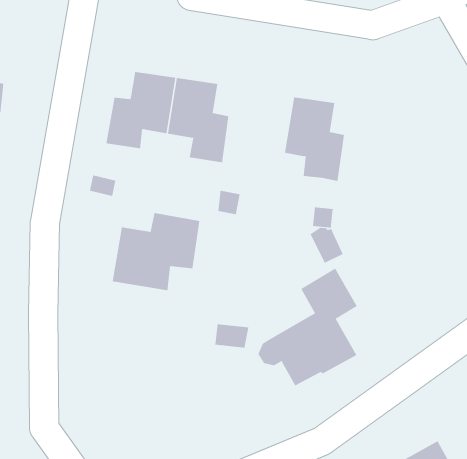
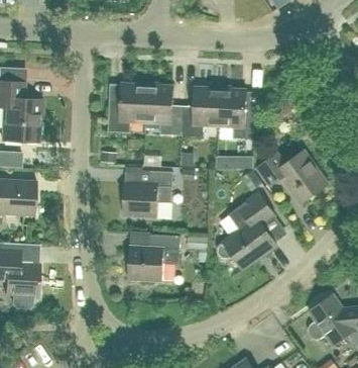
building: none -> [182,87,221,135]
building: none -> [256,150,328,204]
building: none -> [127,234,180,280]

